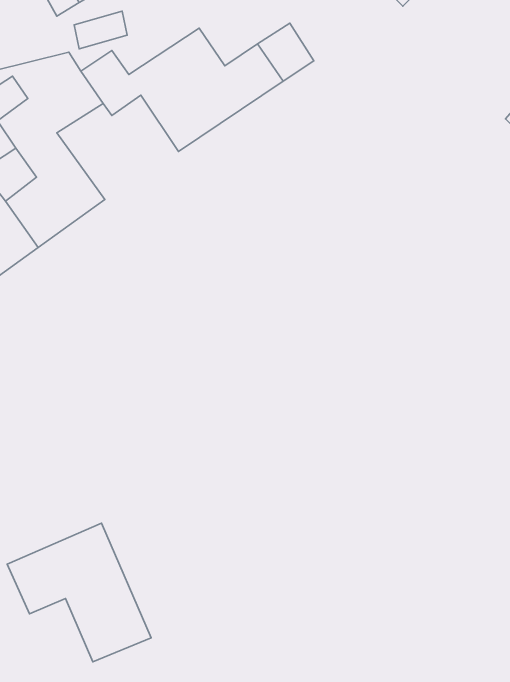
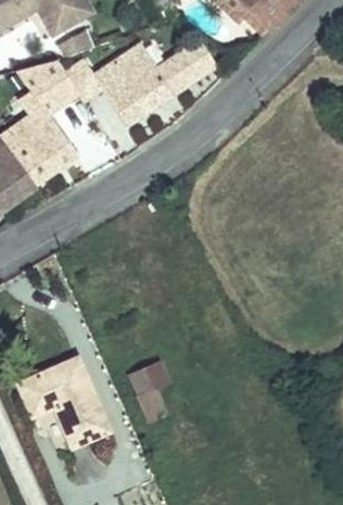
building: none -> [128,358,166,418]

